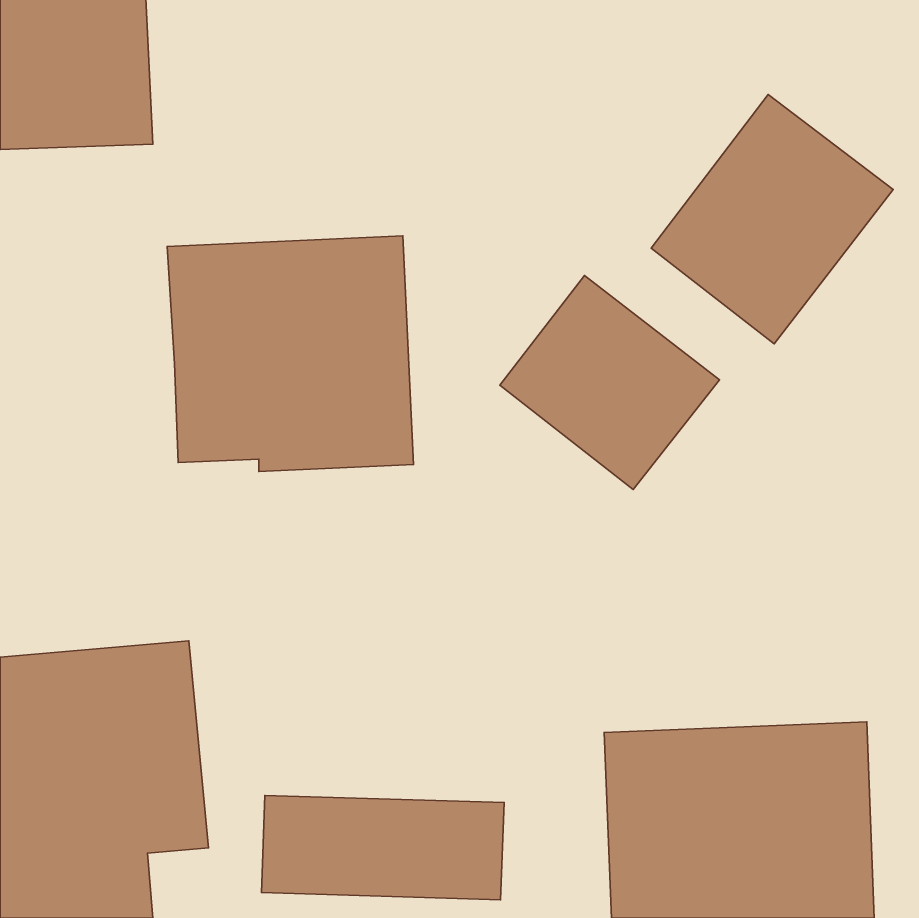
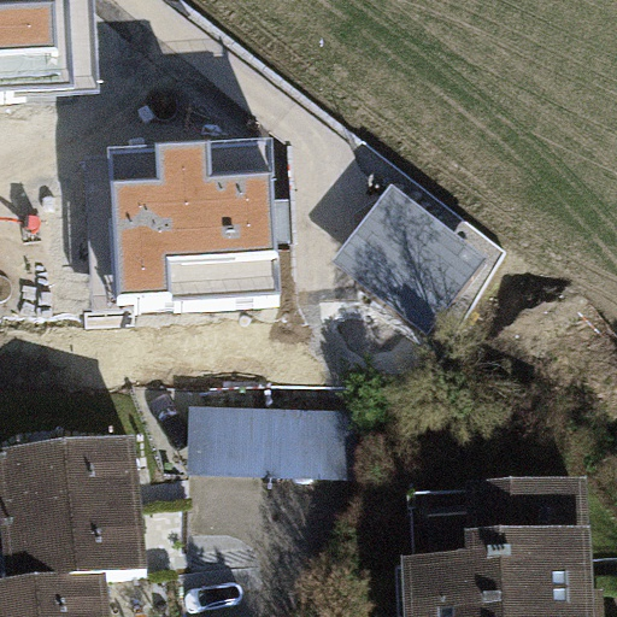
building: [651,94,893,344] -> none
building: [261,795,504,900] -> [189,409,352,478]

